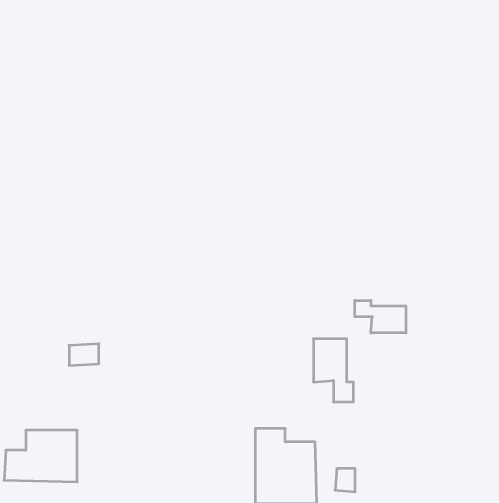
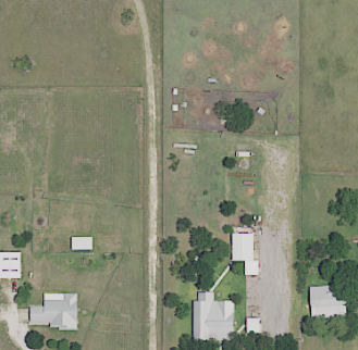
building: [355,300,406,333] -> none
building: none -> [309,285,346,317]

